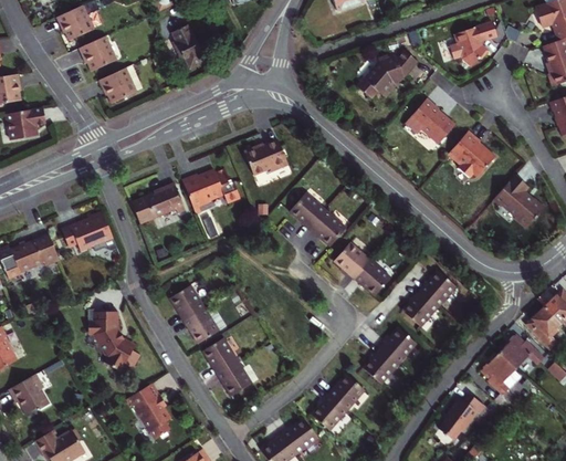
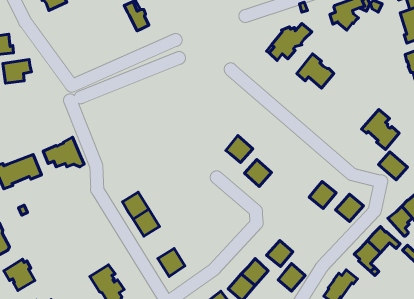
building: [78,35,117,71] -> none
building: [98,64,145,103] -> none
building: [449,129,495,178] -> none
building: [245,140,290,175] -> none
building: [184,170,240,210] -> none
building: [143,184,186,221] -> none
building: [289,192,325,229] -> none
building: none -> [379,152,407,180]
building: [354,259,391,296] -> none
building: [402,292,440,328] -> [336,194,363,221]
building: [88,308,139,370] -> none
building: [381,328,418,366] -> [278,263,305,291]
building: [202,337,239,375] -> none

